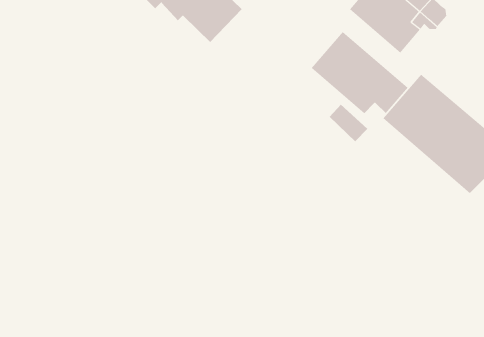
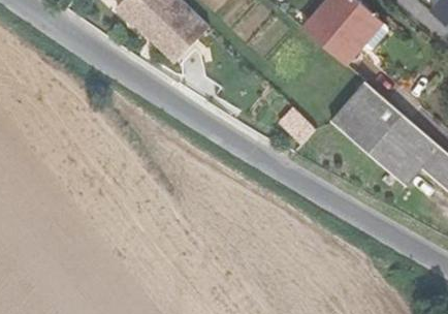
building: [311,31,409,114] -> none

